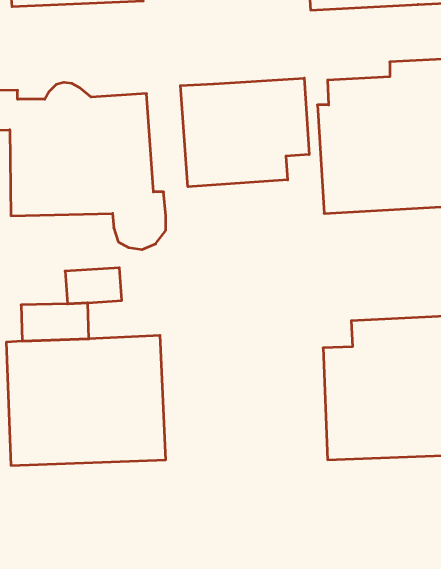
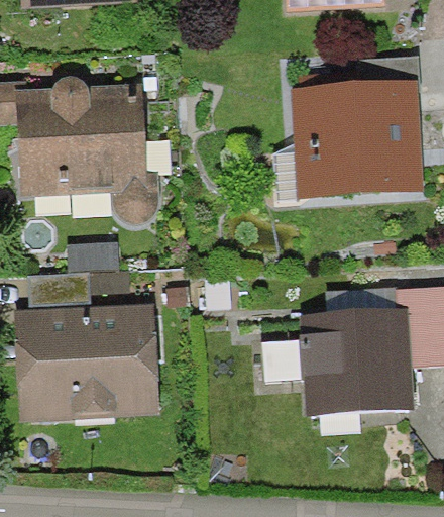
building: [180,78,309,187] -> none

